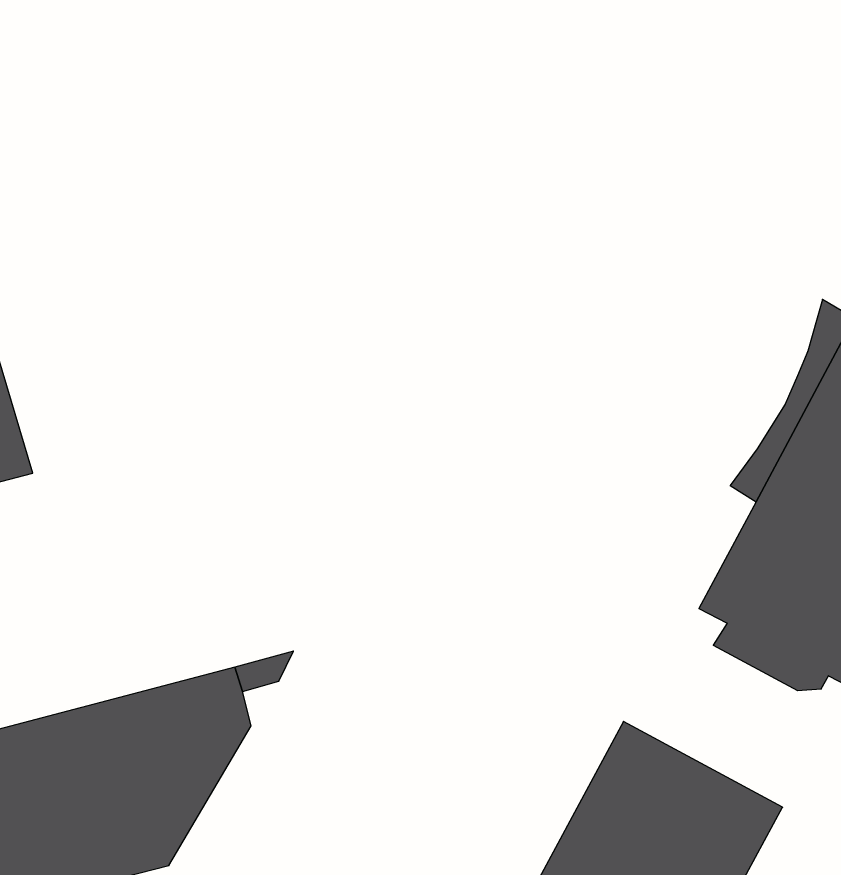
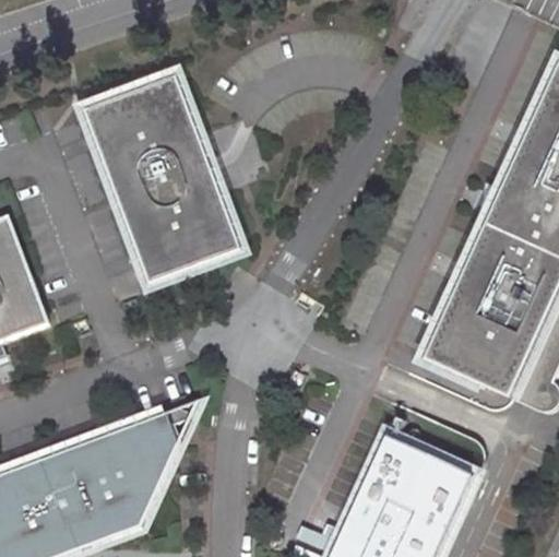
building: none -> [87,78,243,286]

